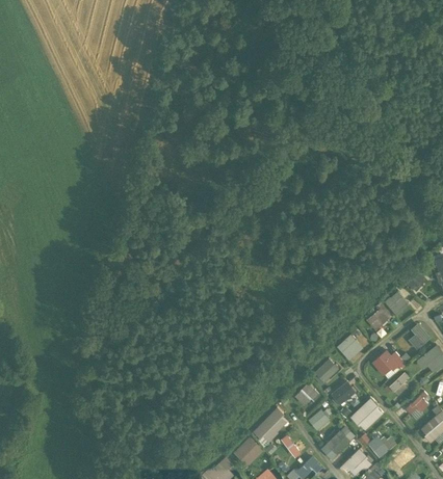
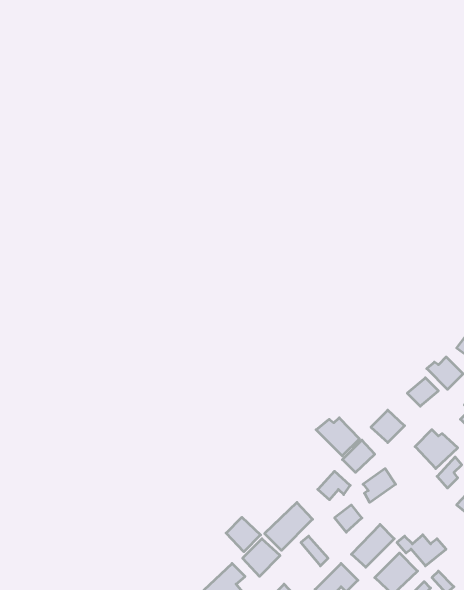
building: none -> [316,418,359,456]
building: [349,397,383,430] -> none
building: none -> [226,517,261,552]

